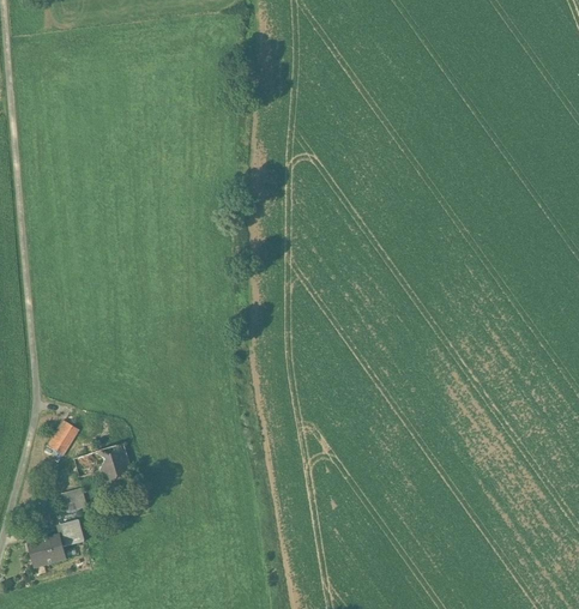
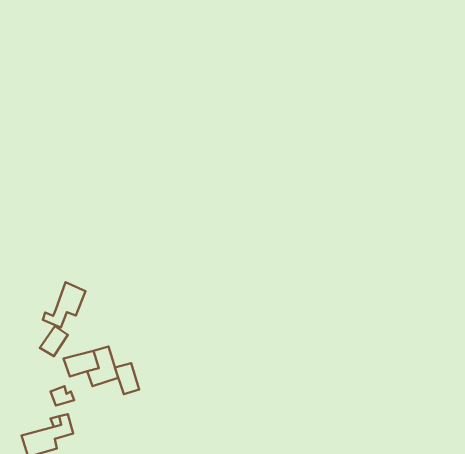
building: none -> [43,282,86,328]
building: none -> [115,363,139,394]

